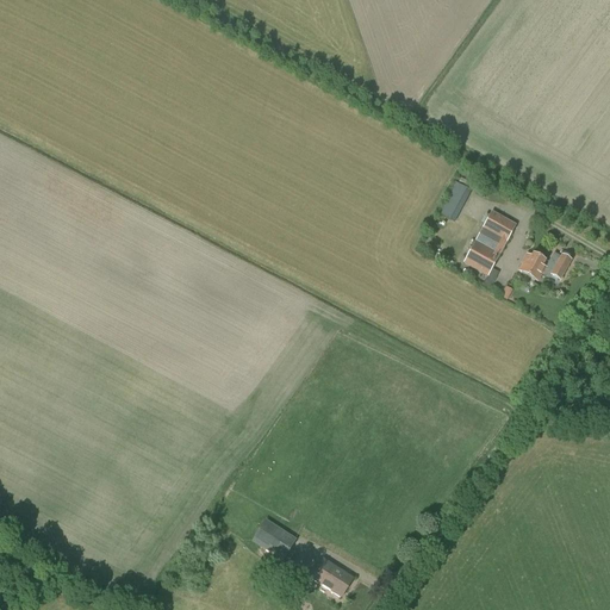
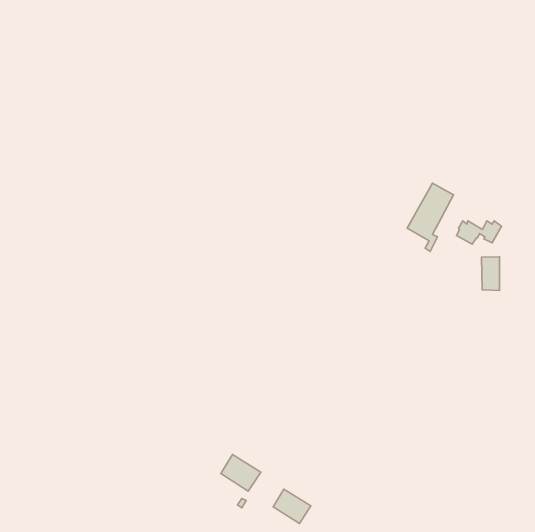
building: [438,180,471,220] -> none
building: none -> [482,257,500,290]

